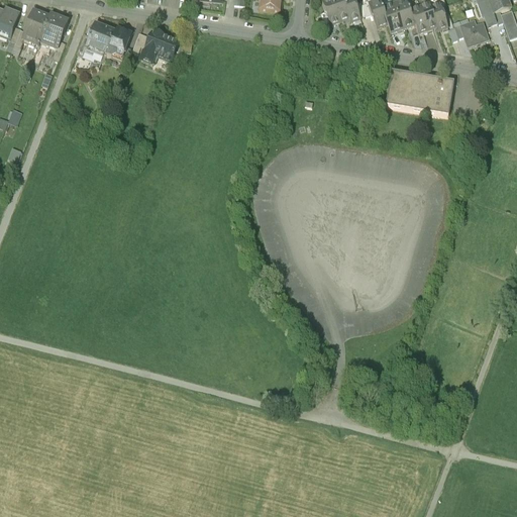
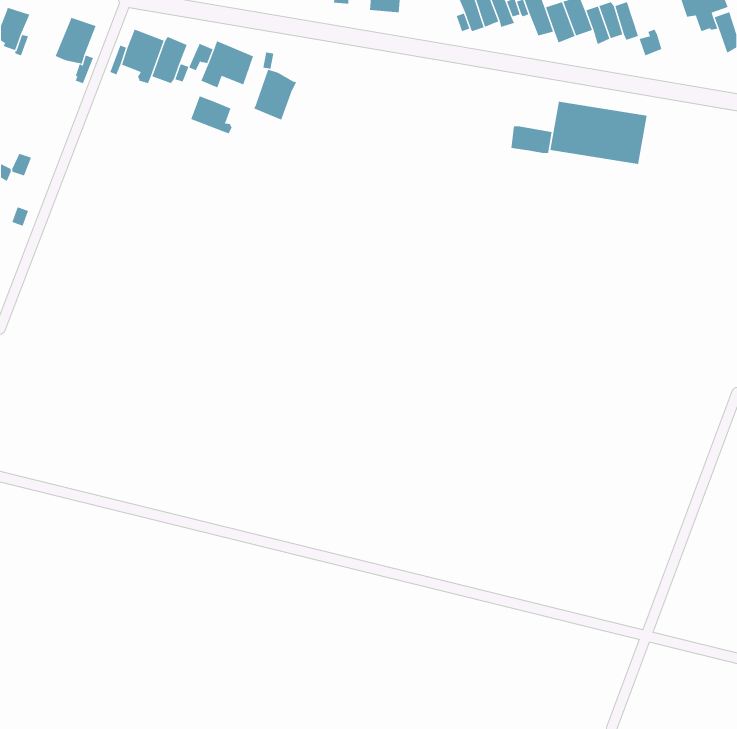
building: [22,9,48,41] -> none
building: [460,19,488,44] -> none
building: none -> [254,69,297,121]
building: none -> [191,96,232,134]
building: none -> [511,125,552,154]

